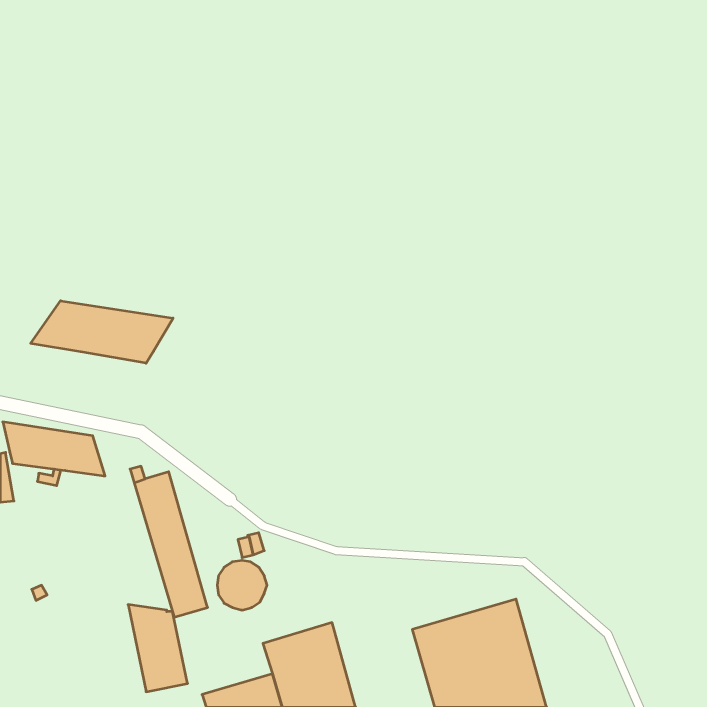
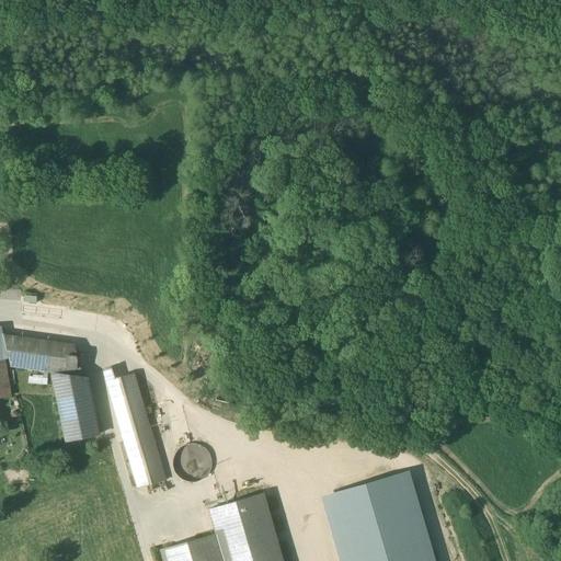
building: [31,301,173,363] -> none
building: [128,605,188,692] -> [51,373,99,442]

